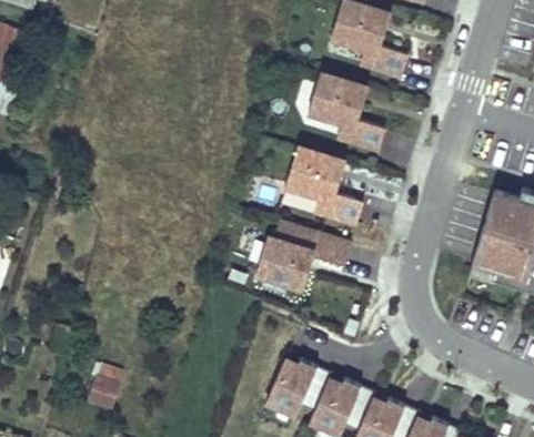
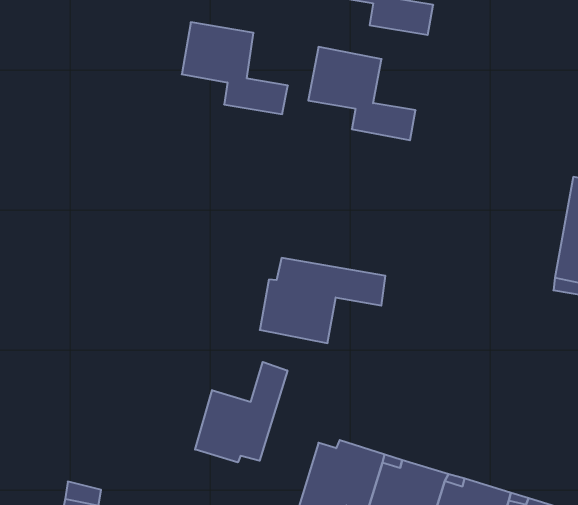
building: [286,149,362,223] -> [182,22,288,114]
building: none -> [195,362,287,462]

